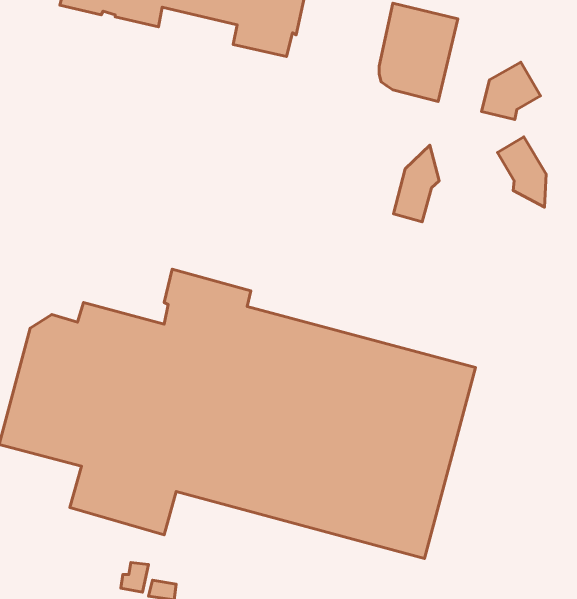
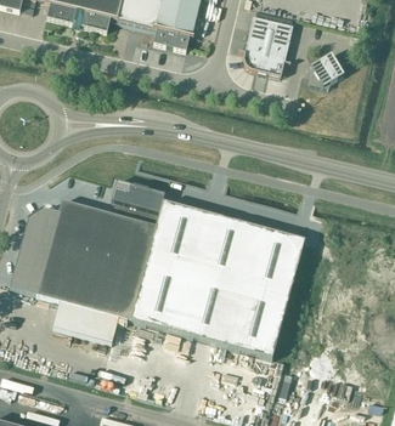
building: [497,137,546,207] -> none
building: [393,145,439,222] -> none

